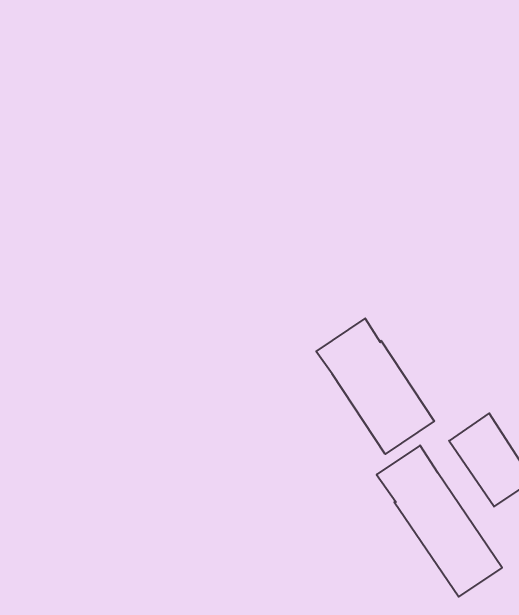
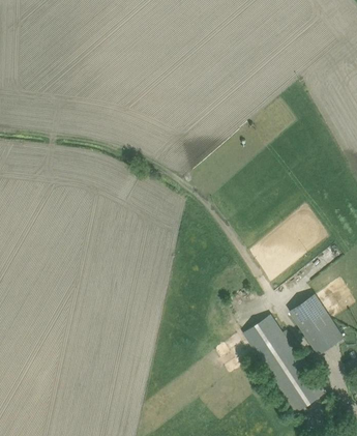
building: [316,318,434,454] -> none

